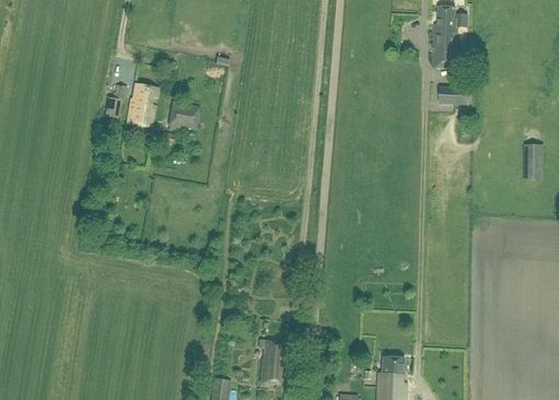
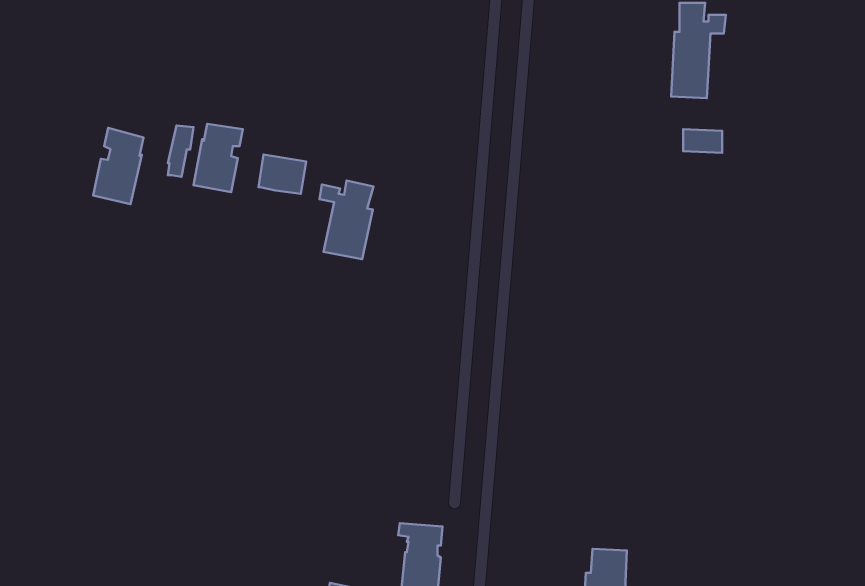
building: none -> [93,128,143,204]
building: none -> [320,180,374,259]
building: [524,145,544,180] -> none

